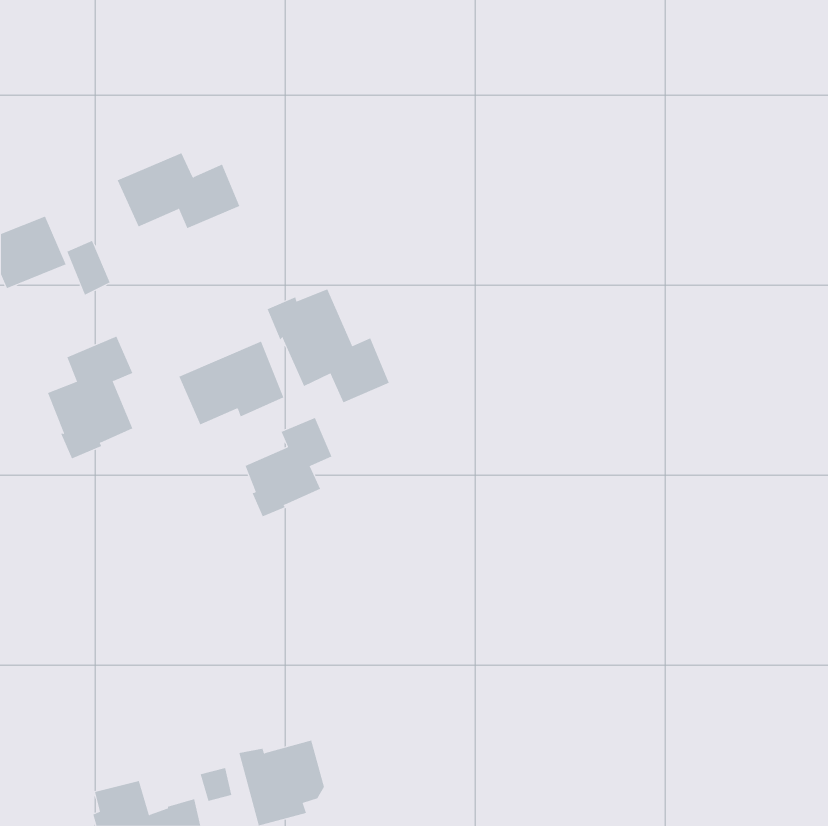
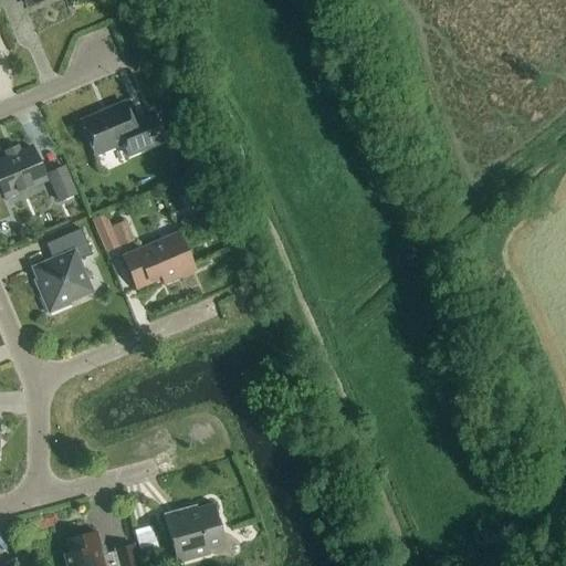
building: [267,289,390,403] -> none
building: none -> [92,212,134,250]
building: [245,417,332,517] -> none

